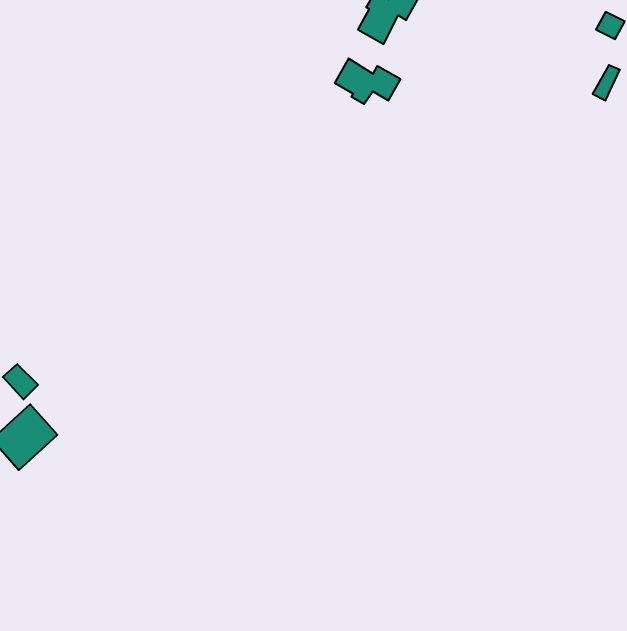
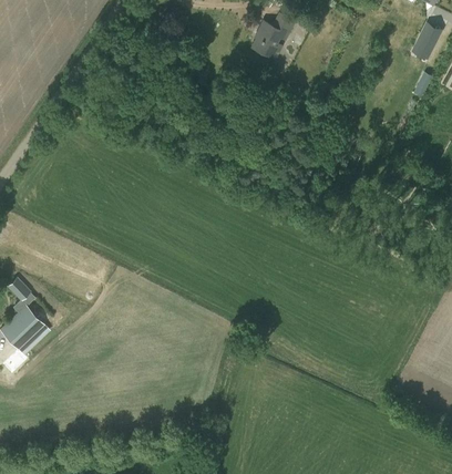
building: [335,58,400,104] -> none

